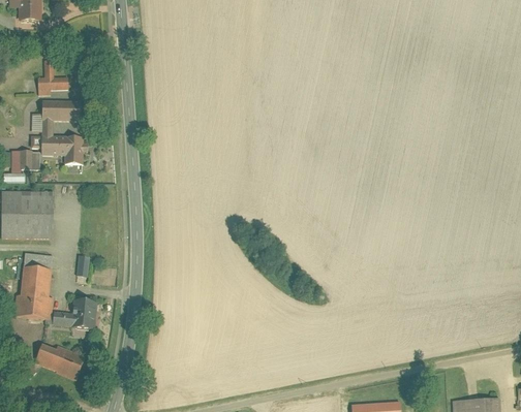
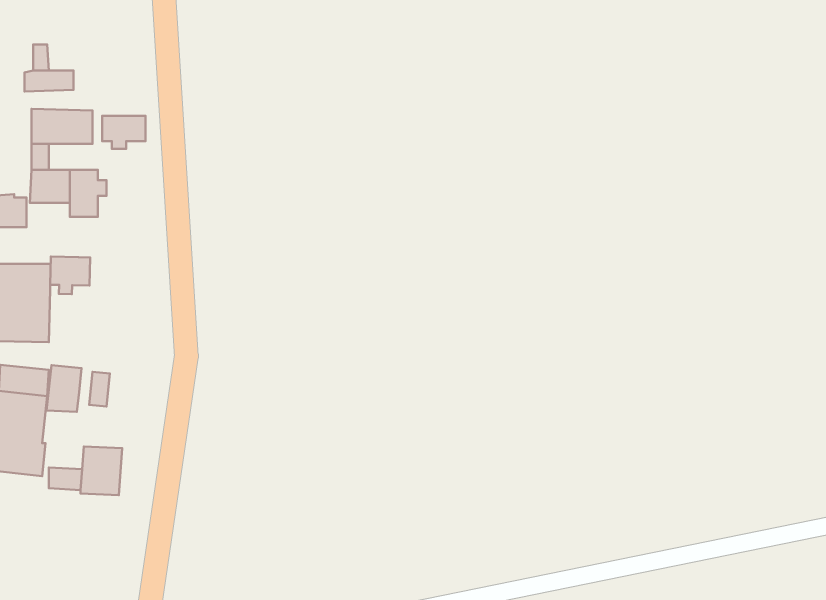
building: none -> [102,116,146,149]
building: none -> [50,257,90,294]
building: none -> [47,365,82,412]
building: [34,345,86,379] -> none

